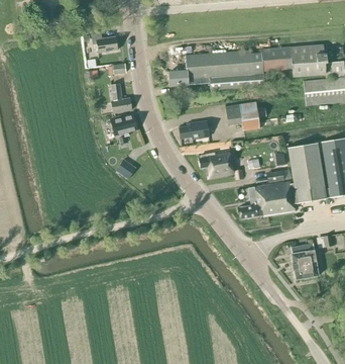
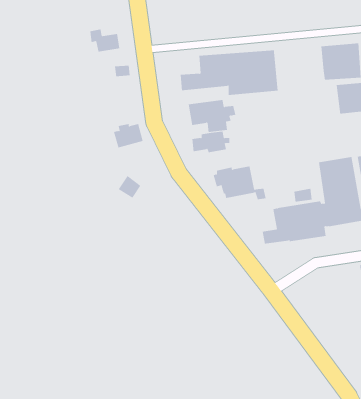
building: [251,47,293,85] -> none
building: [111,83,132,112] -> none
building: [226,101,267,129] -> [188,100,236,132]
building: [291,243,319,278] -> none

